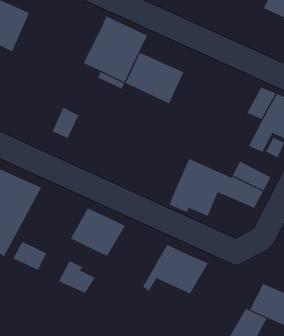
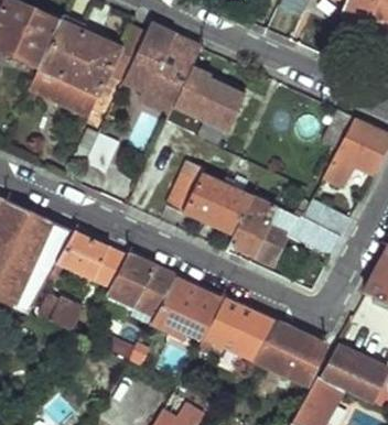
building: none -> [30,14,147,116]
building: none -> [166,173,251,235]
building: none -> [56,230,127,286]
building: none -> [147,276,225,348]
building: none -> [254,322,326,384]

